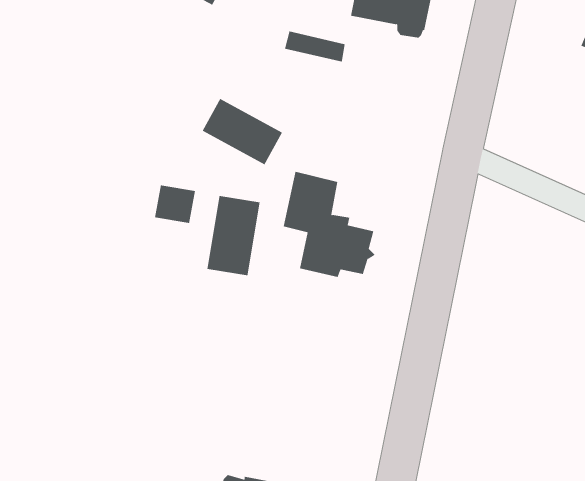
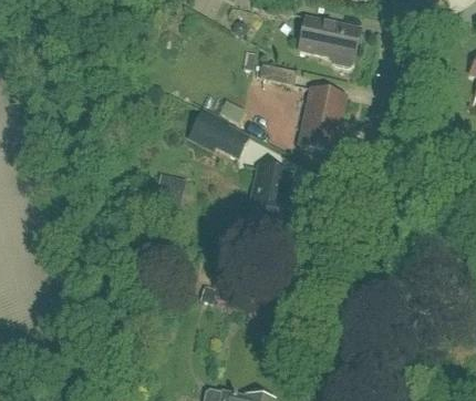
building: none -> [298,88,345,153]
building: [207,195,260,276] -> none

